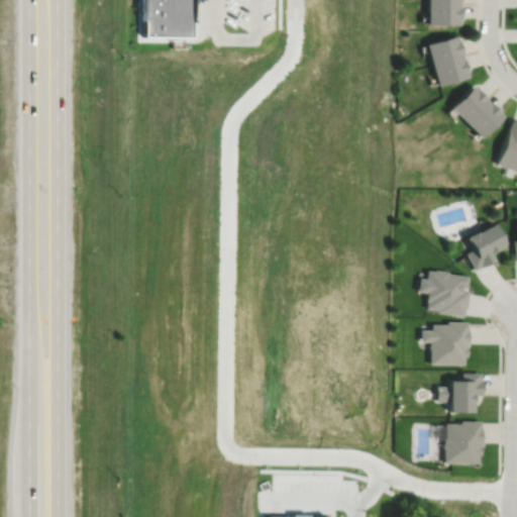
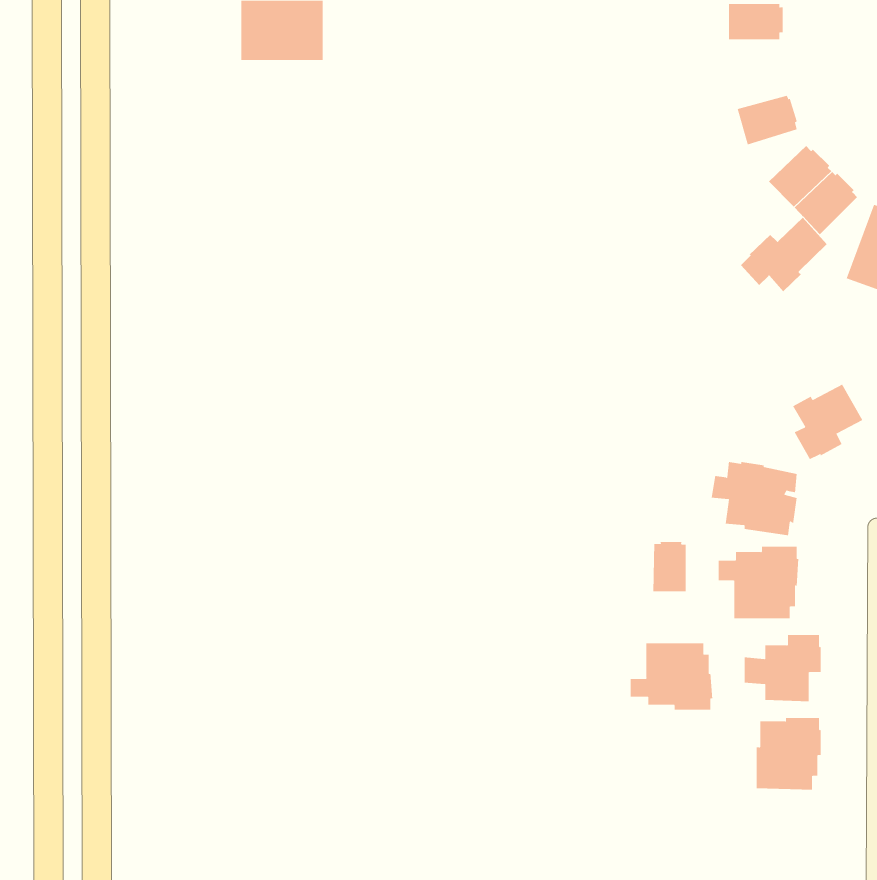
building: [428,36,464,66] -> none
building: none -> [740,217,828,292]
building: none -> [653,541,686,592]
building: none -> [630,643,713,710]

